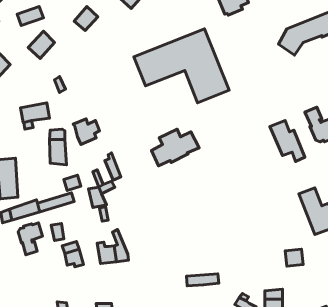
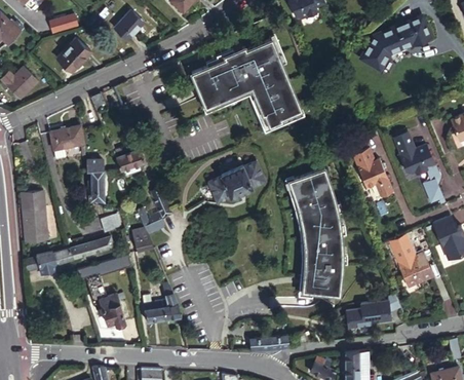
building: none -> [287,165,342,290]
building: [18,223,42,255] -> none
building: none -> [346,305,371,327]

